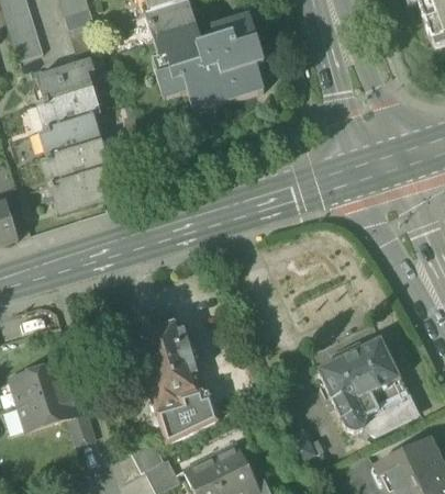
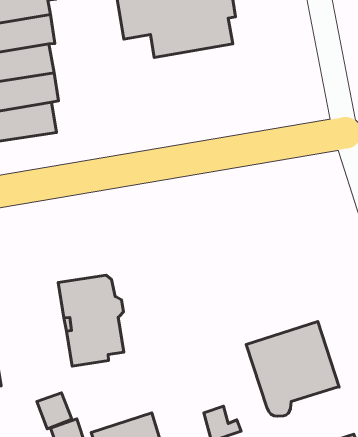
building: [153,389,218,445] -> none
building: [365,395,416,433] -> none

